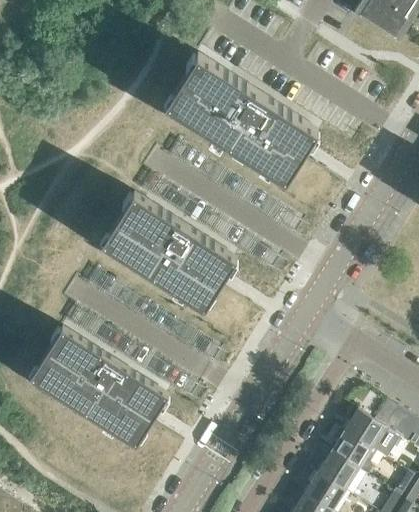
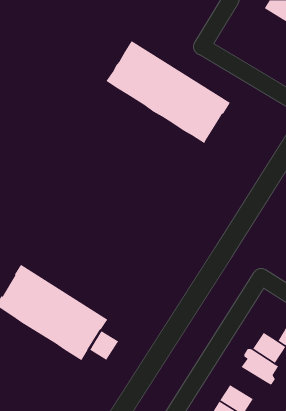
building: [101,195,237,311] -> none
building: none -> [89,330,119,361]
building: [317,455,359,494] -> none

